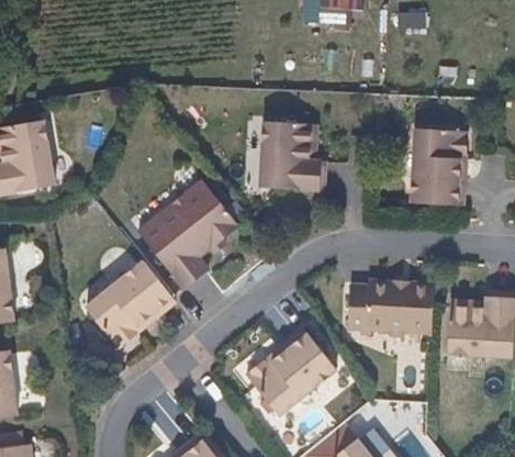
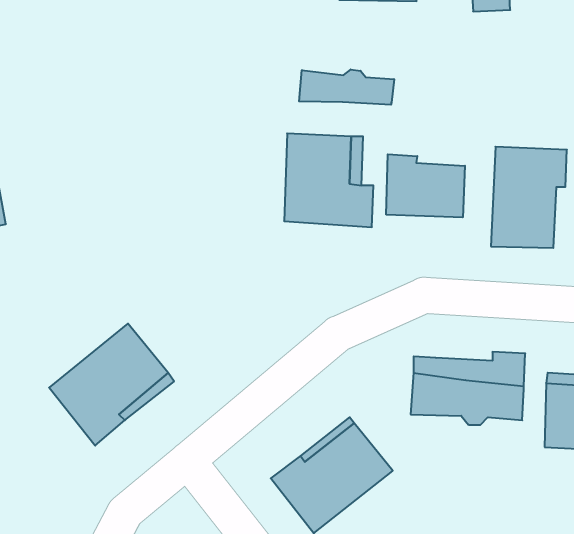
building: none -> [299,69,394,105]
building: none -> [386,154,465,217]
building: [136,179,235,287] -> none

